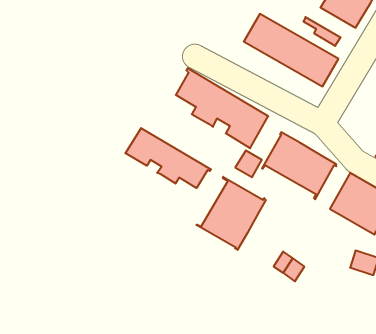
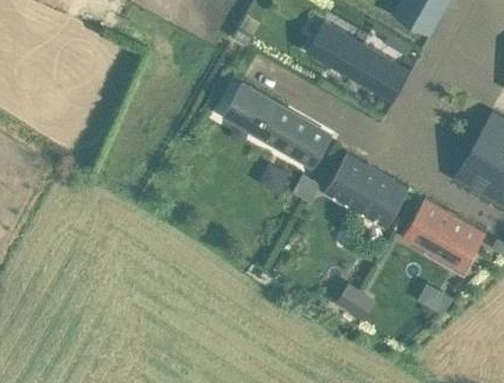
building: [125,128,211,188] -> none
building: [196,177,266,250] -> none

